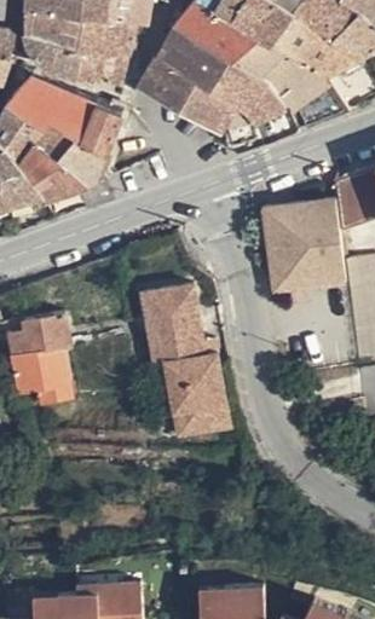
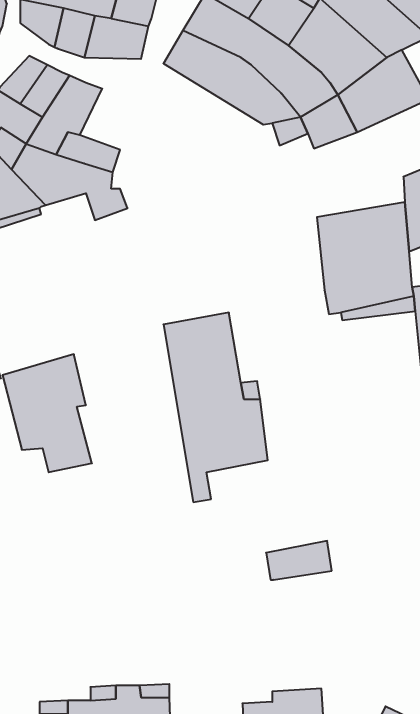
building: [73,102,120,151] -> none
building: [175,403,229,434] -> [266,541,332,580]

